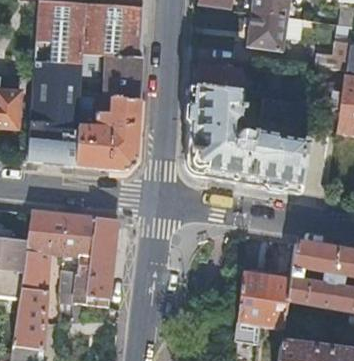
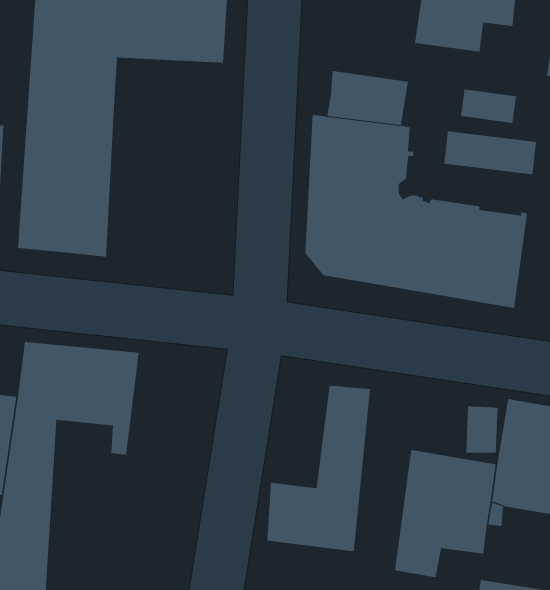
building: [77,55,141,169] -> none
building: [61,216,118,307] -> [267,385,371,552]

